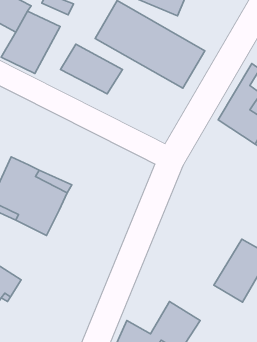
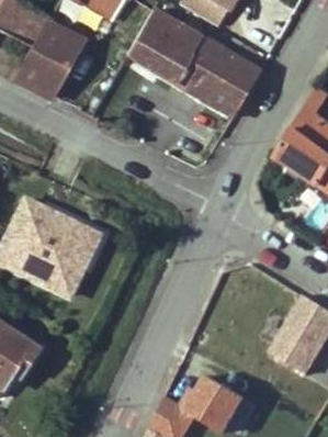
building: [60,44,123,94] -> none

